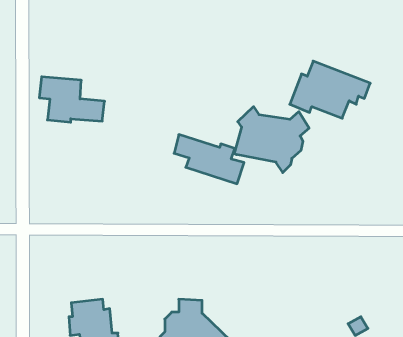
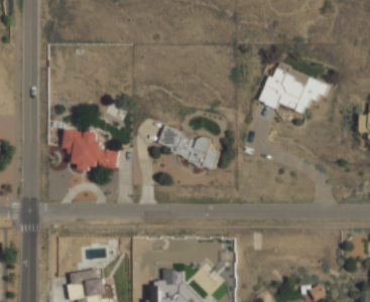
building: [39,77,105,122] -> [61,129,118,168]
building: [235,107,309,173] -> none

